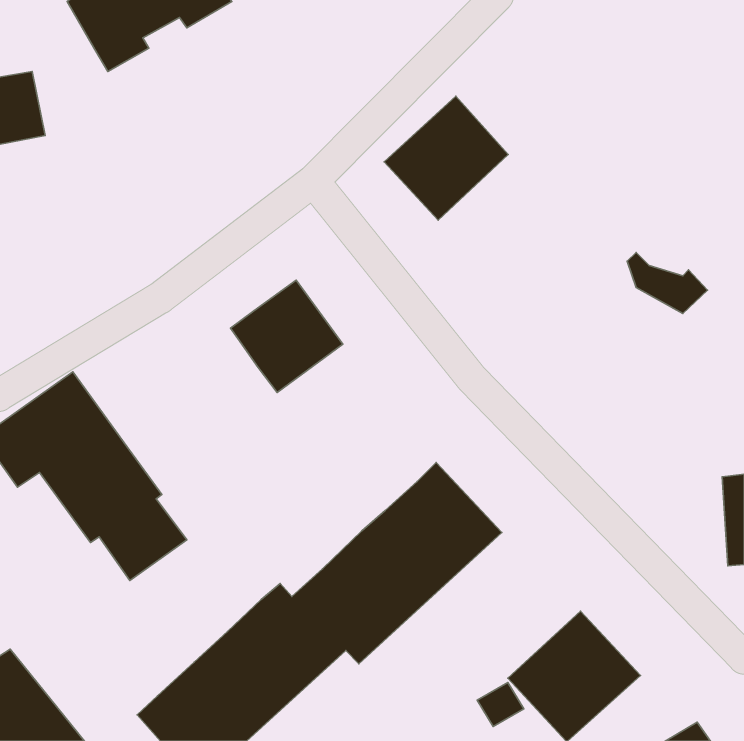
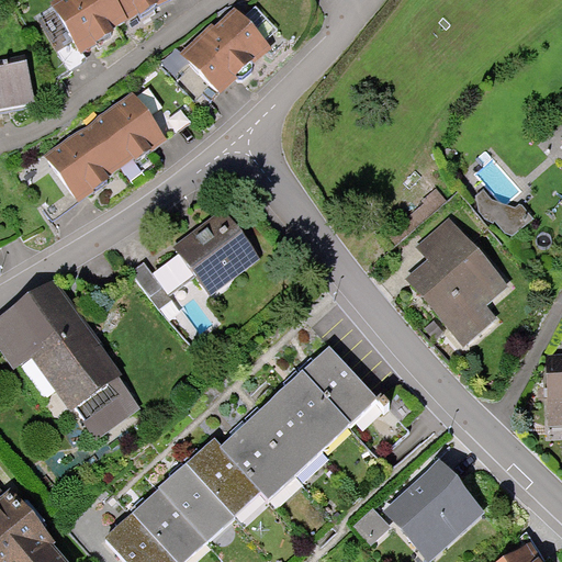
building: [384,96,508,220] -> [179,5,272,99]
building: none -> [46,93,166,200]
building: none -> [405,218,506,347]
building: none -> [131,255,194,308]

